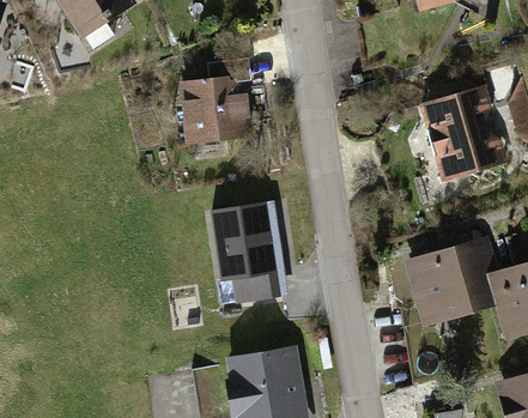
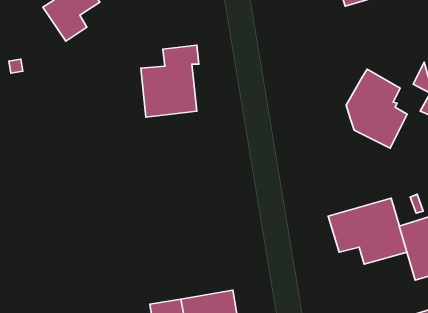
building: [213,202,287,304] -> none

